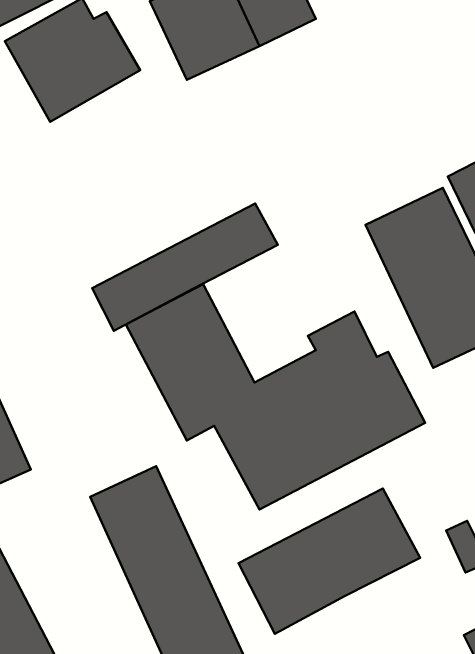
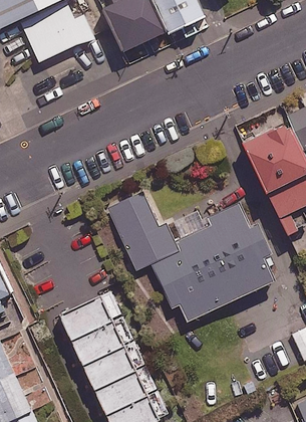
building: [92,203,278,331] -> none
building: [239,489,420,634] -> none

